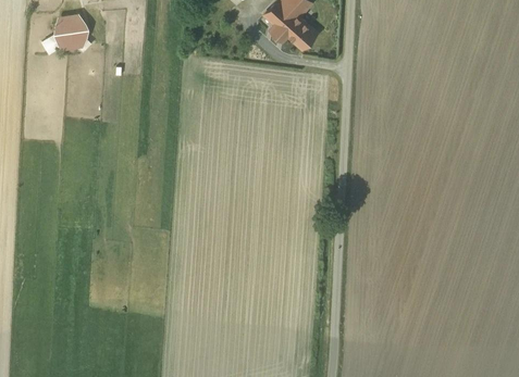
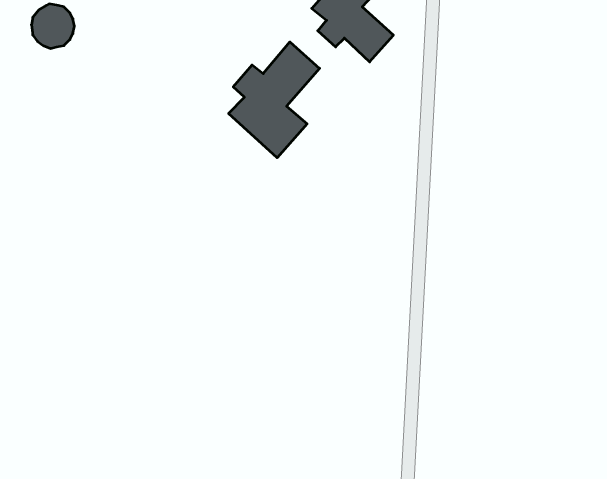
building: none -> [229,42,320,158]

